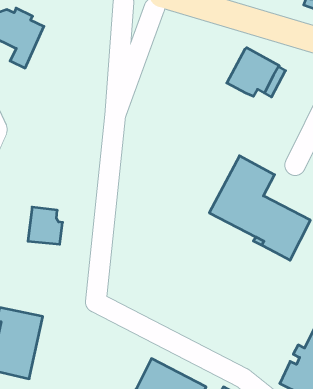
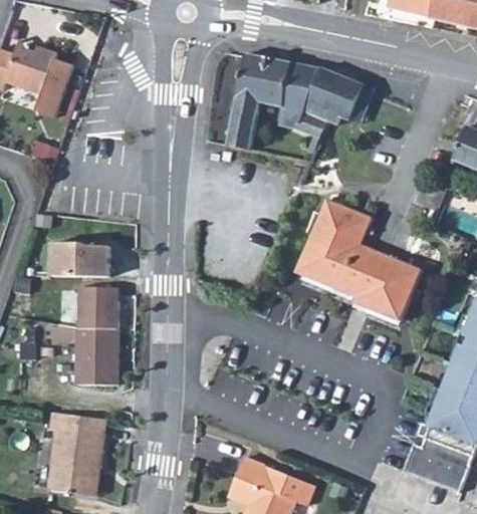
building: none -> [227,52,326,151]
building: none -> [50,242,109,277]
building: none -> [76,328,117,384]

